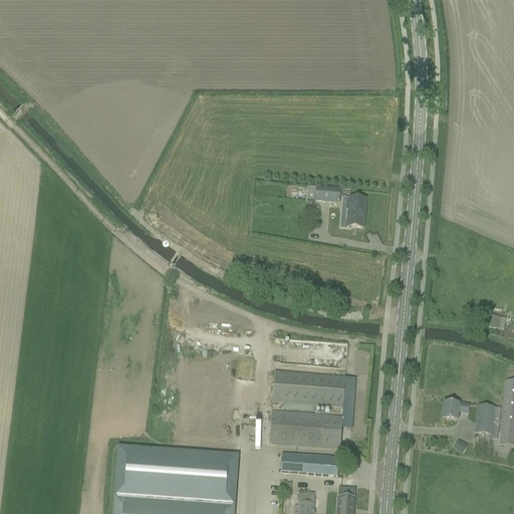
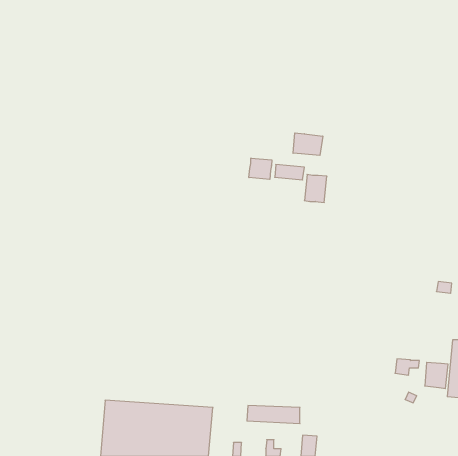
building: none -> [293,133,323,155]
building: none -> [249,158,272,179]
building: [273,370,345,406] -> none
building: [270,410,342,447] -> none

